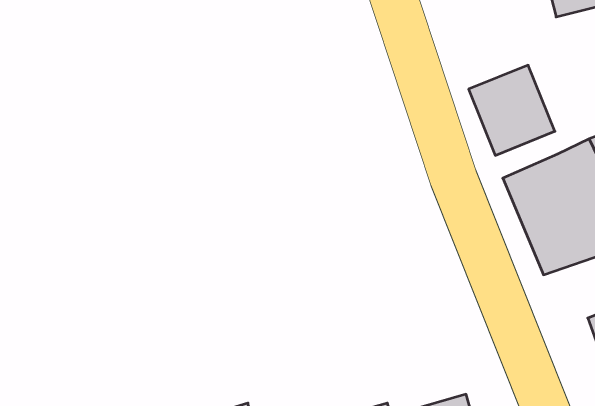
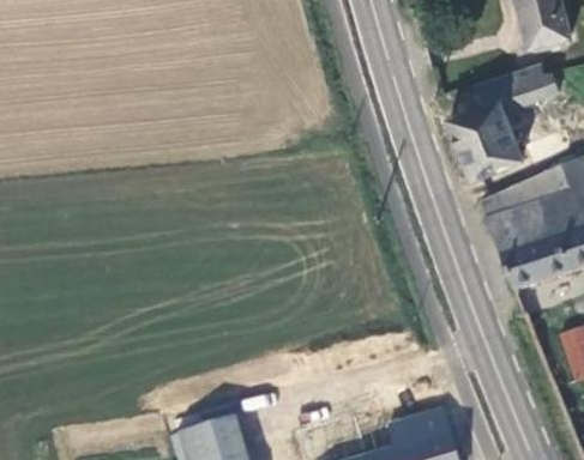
building: none -> [499,65,547,108]

